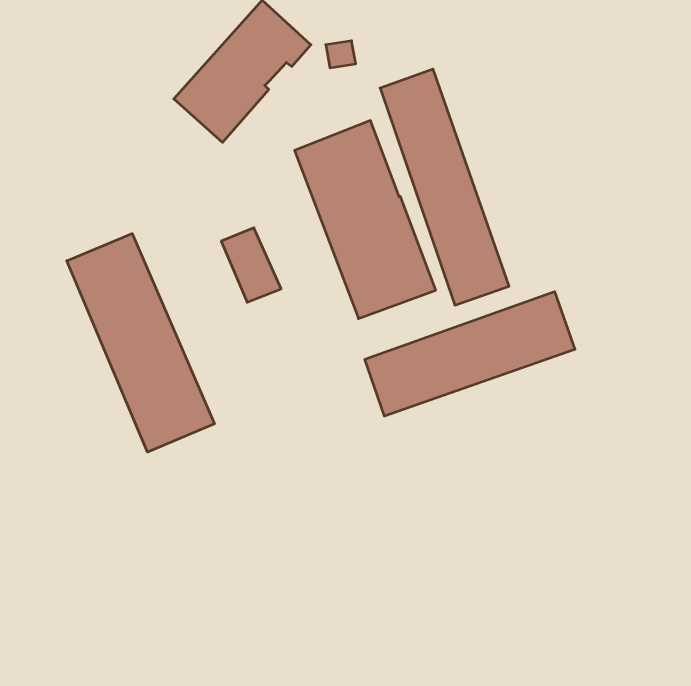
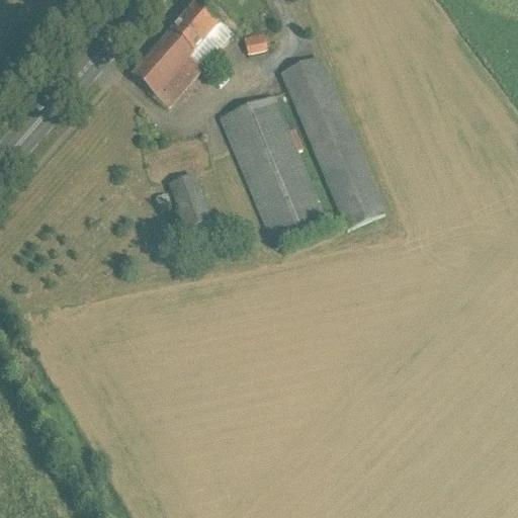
building: [67,234,214,452] -> none
building: [365,292,575,416] -> none

